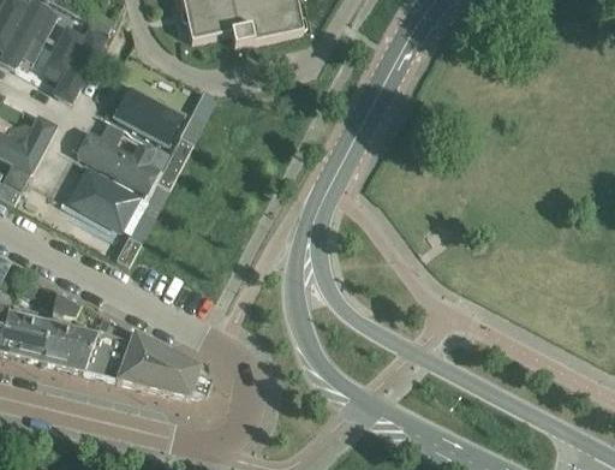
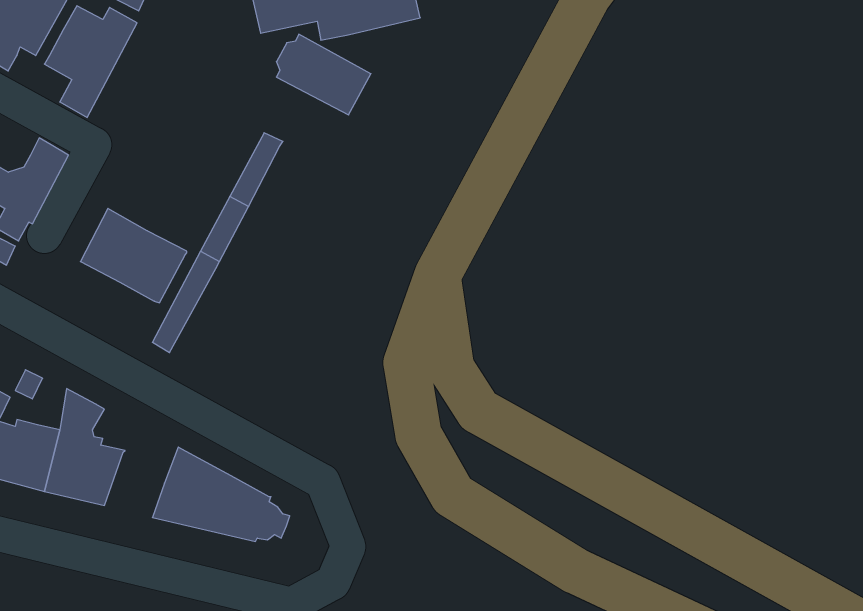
building: [115,89,181,145] -> [276,34,371,115]
building: [73,127,159,191] -> none
building: [82,315,133,380] -> none

